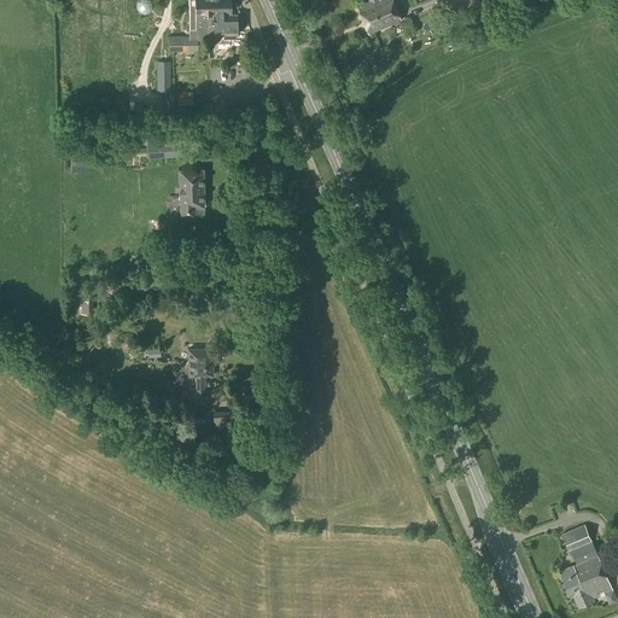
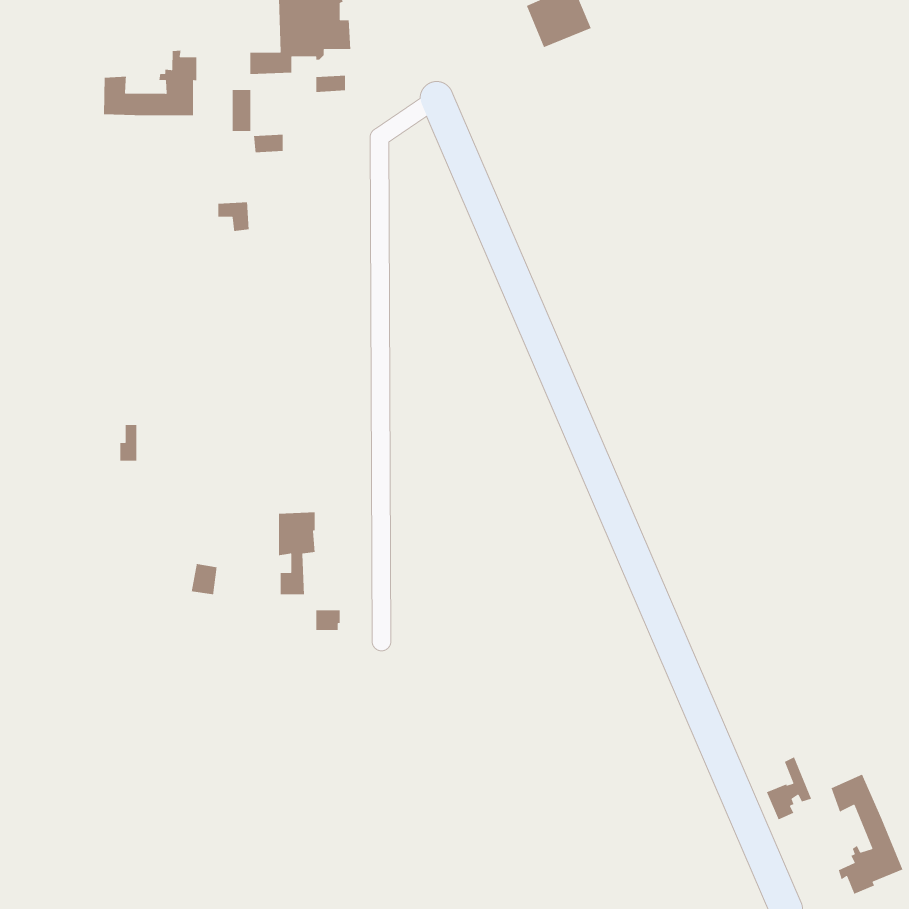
building: none -> [103,50,197,116]
building: [181,168,205,215] -> none
building: [560,546,591,589] -> [766,756,812,820]

